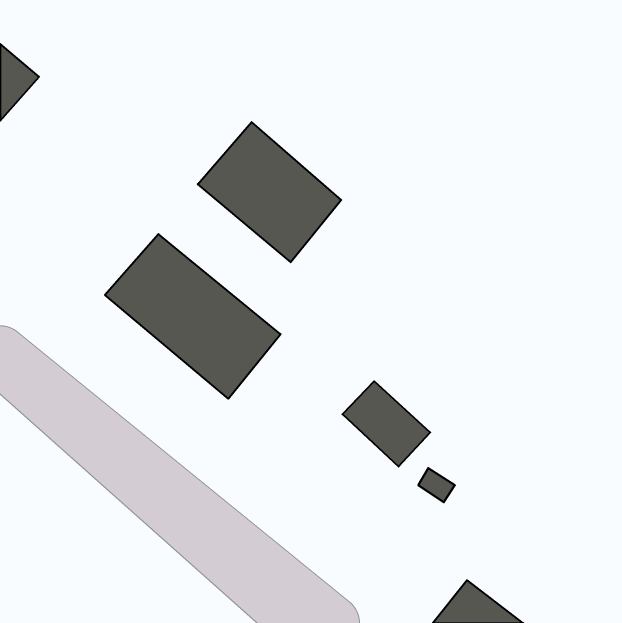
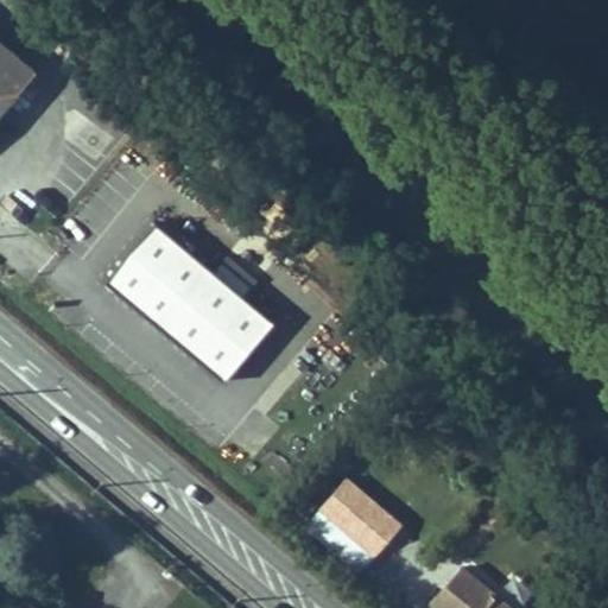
building: [198,122,341,262] -> none
building: [342,381,430,467] -> [317,470,403,553]

